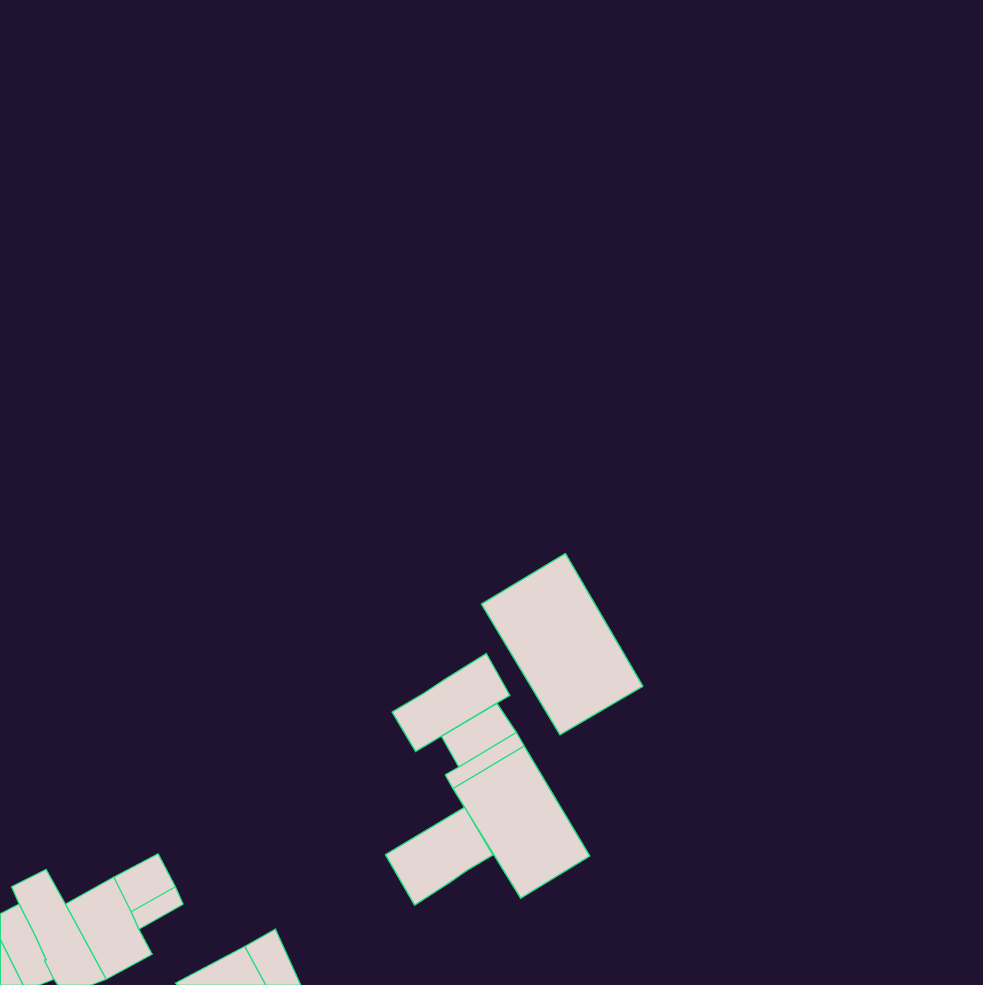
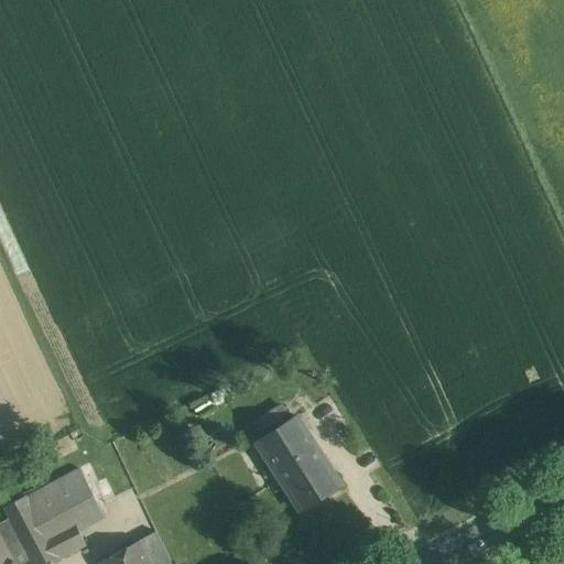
building: [482,554,643,735] -> none
building: [392,653,510,752] -> none
building: [386,807,493,905] -> none
building: none -> [28,468,91,517]

